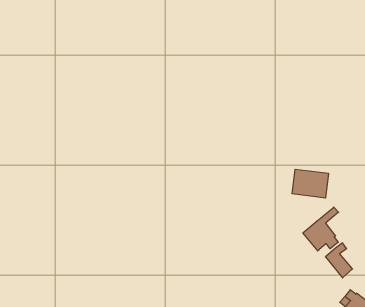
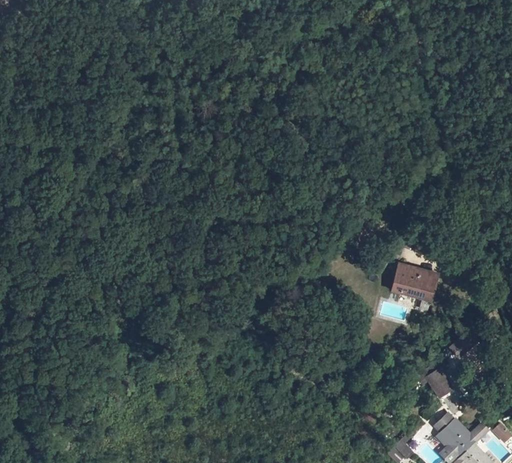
building: [303,207,339,251] -> none

